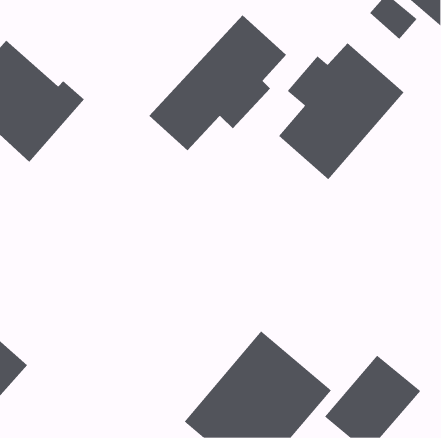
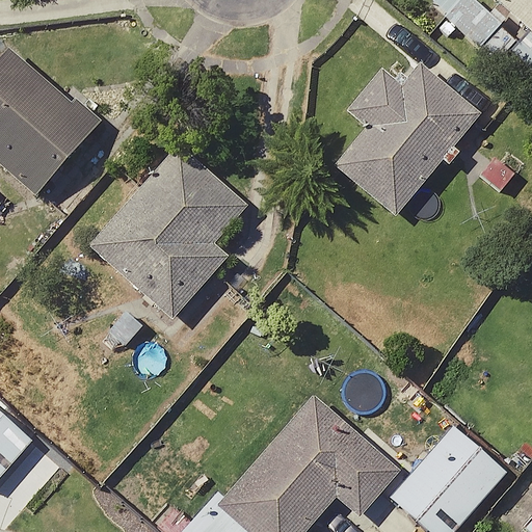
building: [148,14,287,151] -> none
building: none -> [88,147,247,319]

